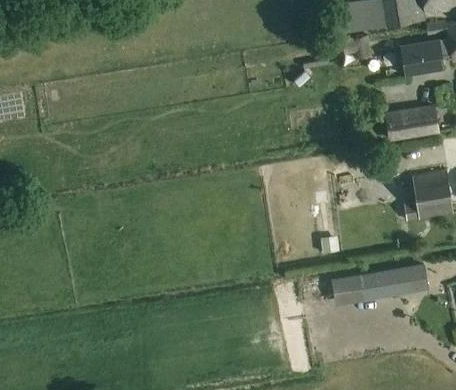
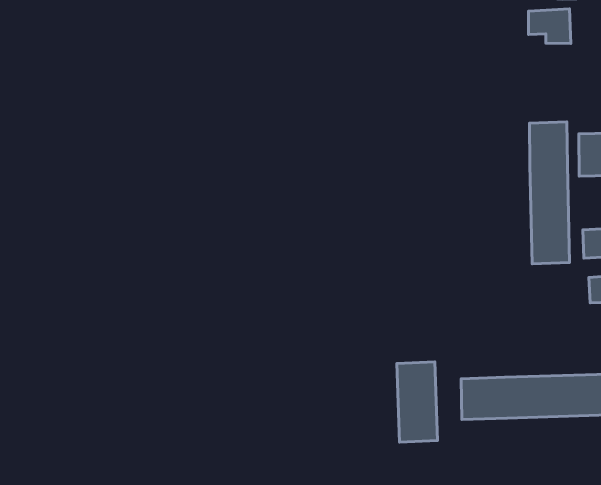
building: none -> [530,122,570,264]
building: none -> [397,362,437,442]

